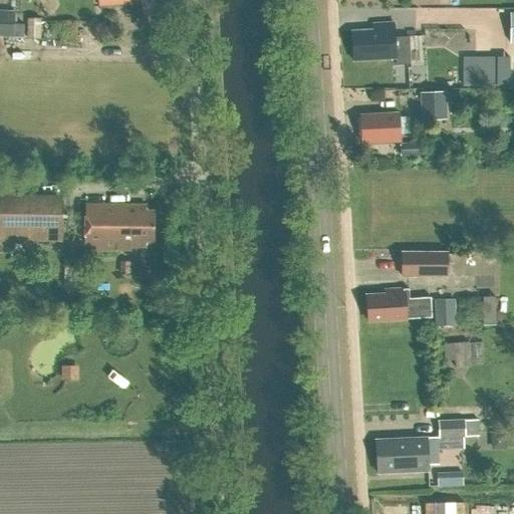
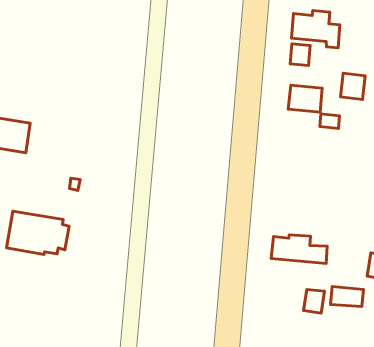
building: none -> [290,44,310,65]
building: [84,204,154,249] -> [7,211,69,254]
building: [403,250,450,276] -> none
building: [435,298,456,324] -> [304,290,324,313]

